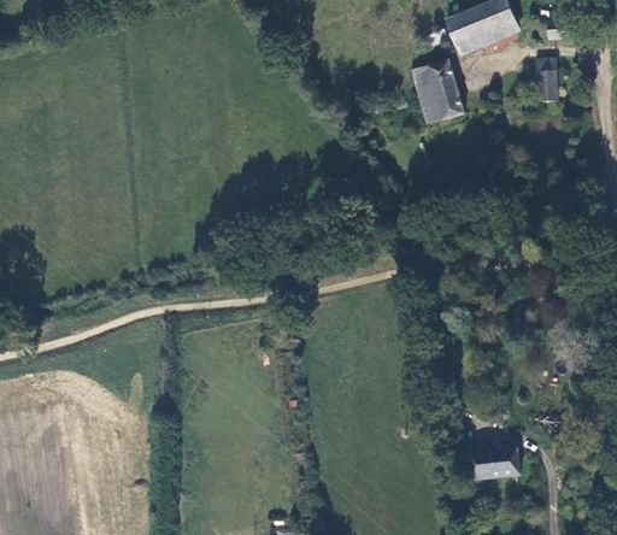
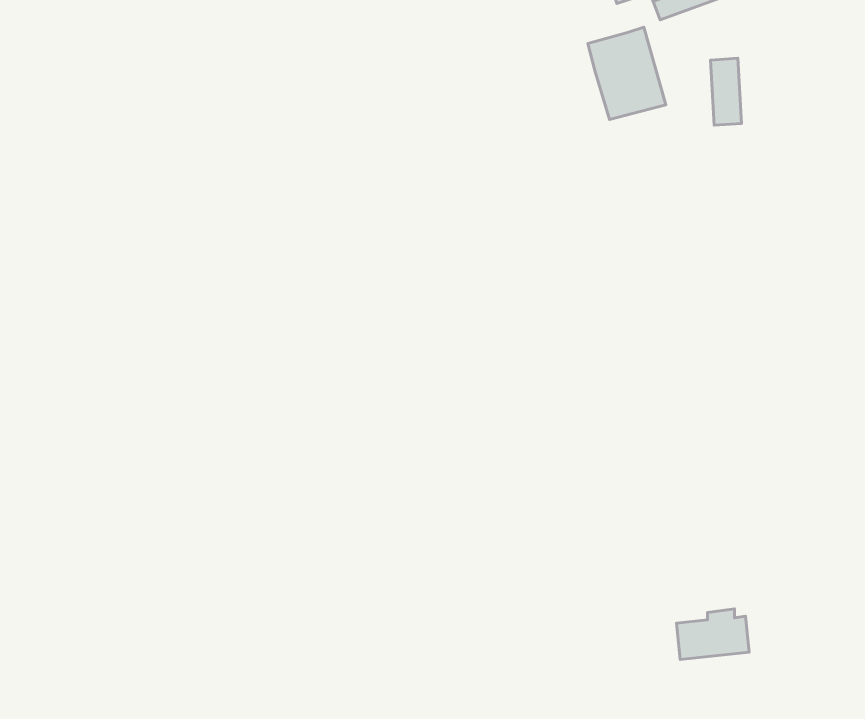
building: [536,58,557,102] -> [711,58,741,125]

